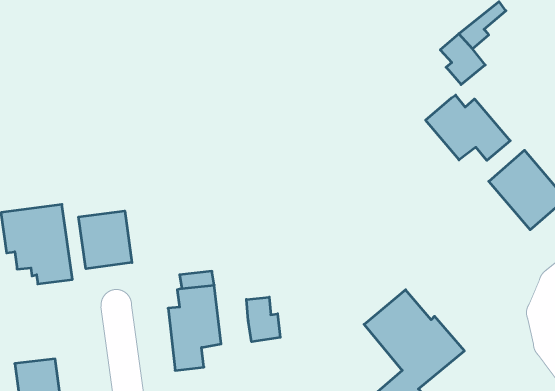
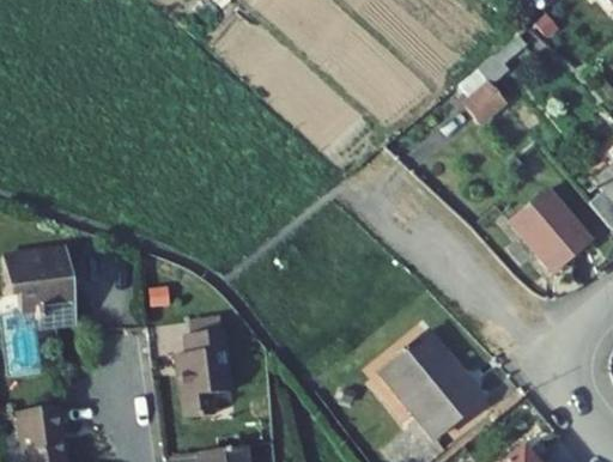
building: [426,95,510,160] -> none
building: [79,211,132,269] -> none
building: [246,297,280,342] -> none

